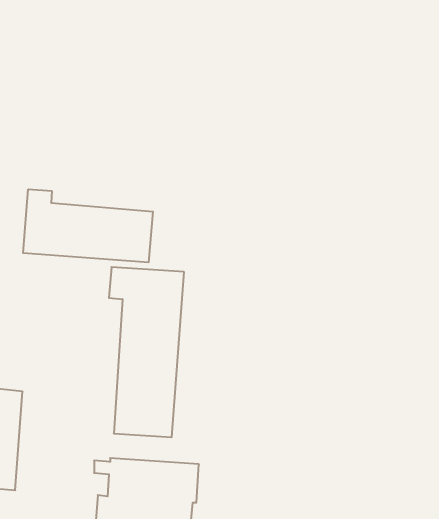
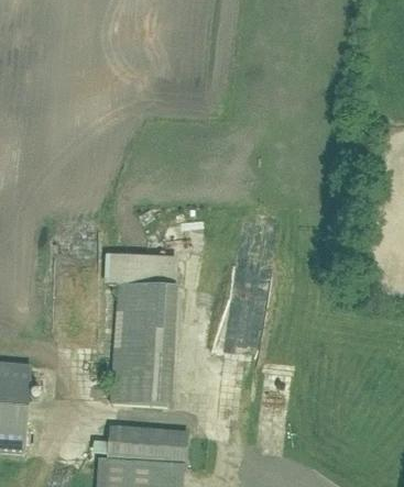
building: [23,189,153,262] -> none

